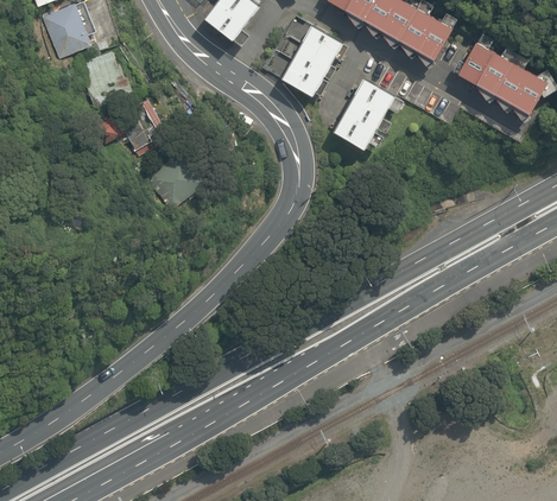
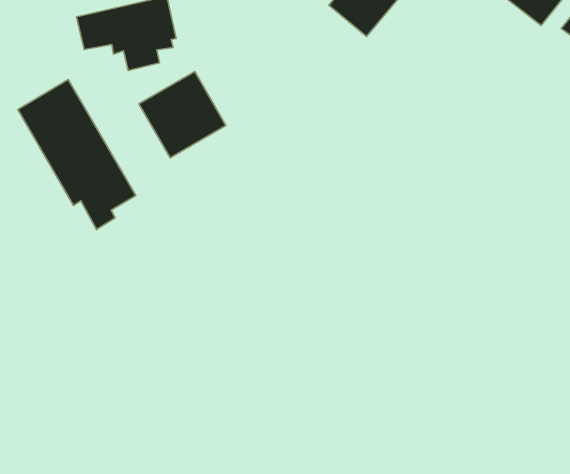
building: [330,76,395,150] -> none
building: none -> [18,80,136,230]

